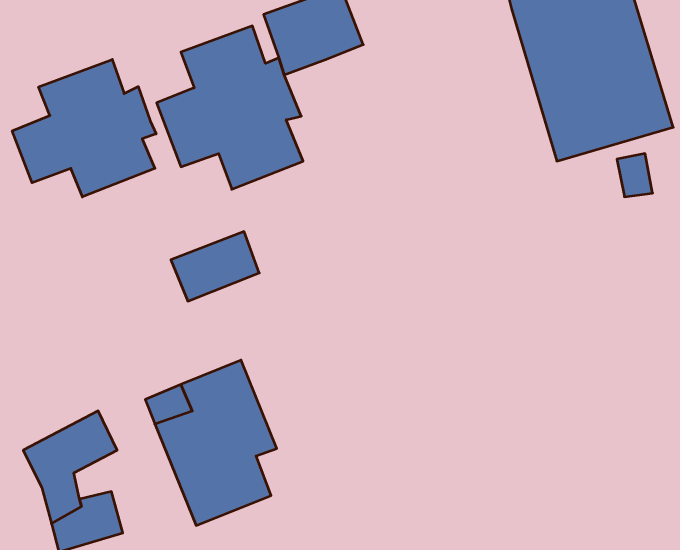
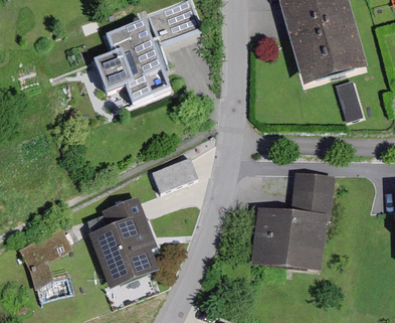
building: [12,59,156,197] -> none
building: [171,232,259,301] -> [150,153,197,190]
building: none -> [252,171,335,273]

